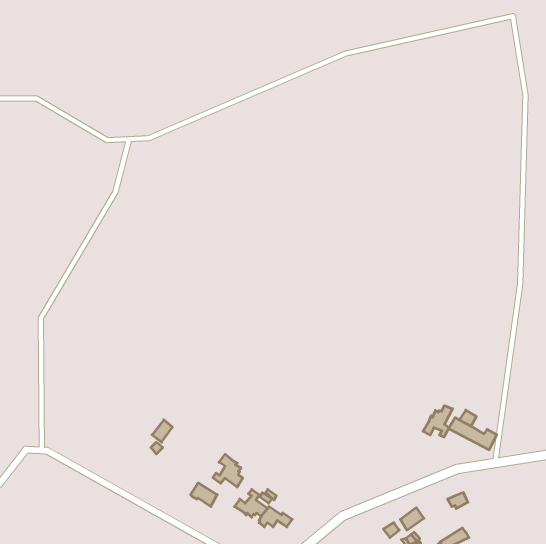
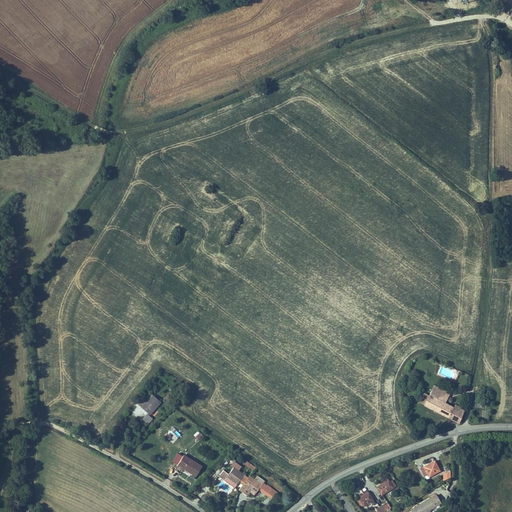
building: [423,406,453,437] -> none
building: [213,454,243,487] -> none

